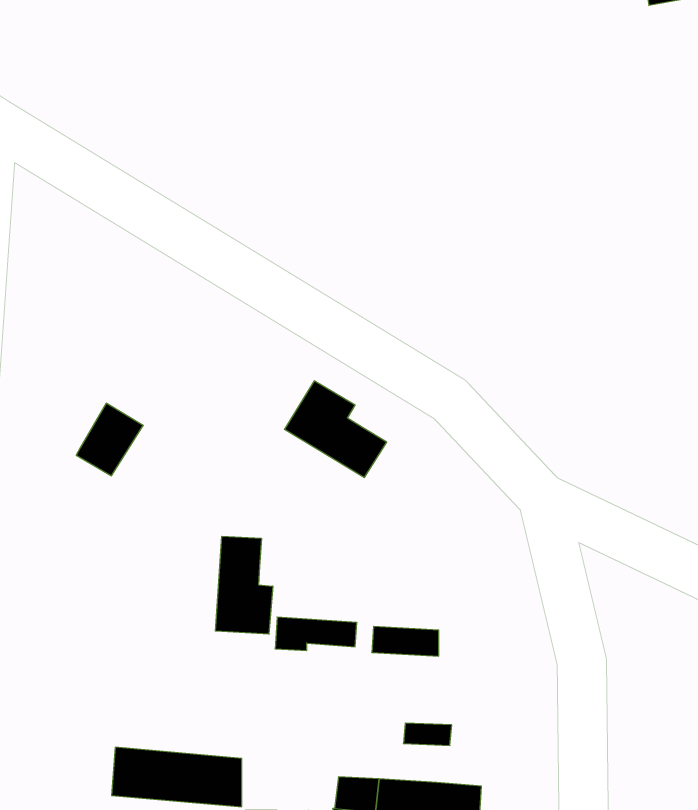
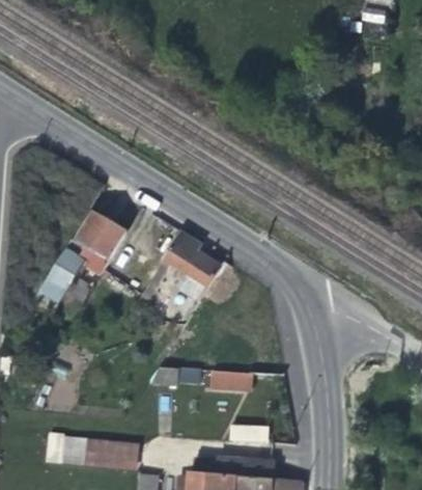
building: none -> [72,215,124,265]
building: [215,536,273,634] -> none

